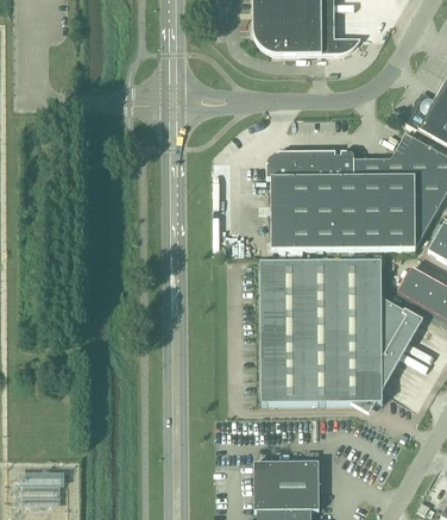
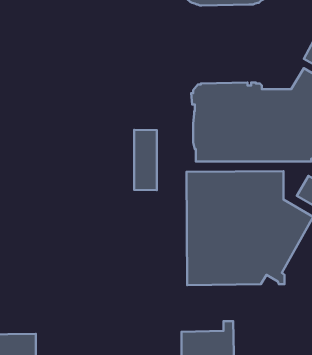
building: none -> [134,130,157,190]

